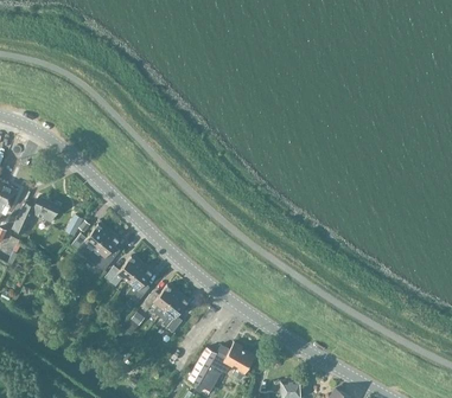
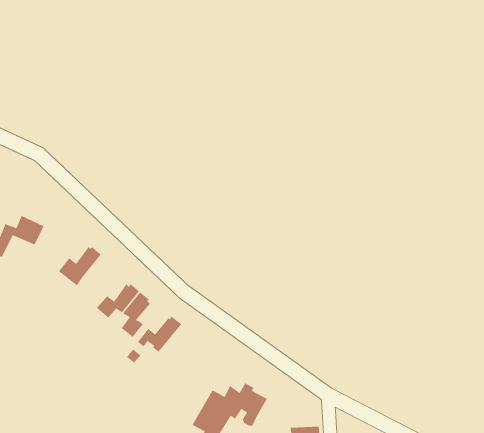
building: [88,231,120,271] -> none
building: [159,291,187,332] -> none

